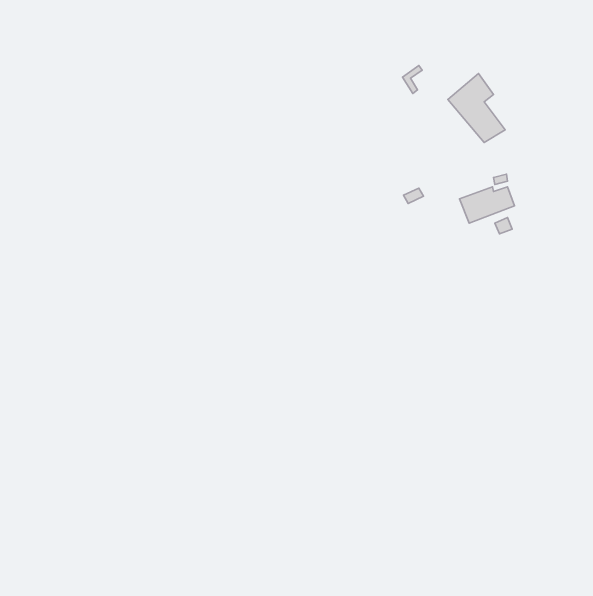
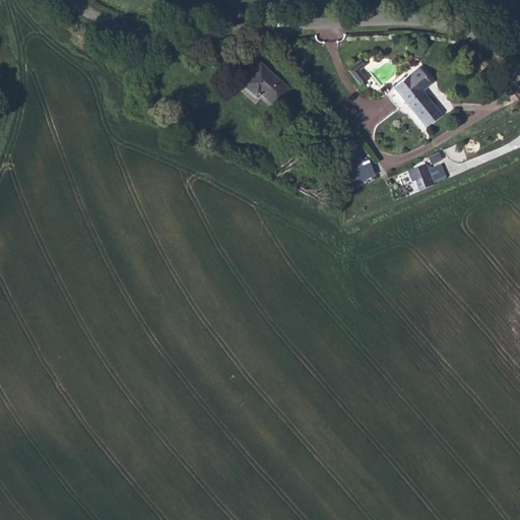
building: none -> [241,62,289,105]

